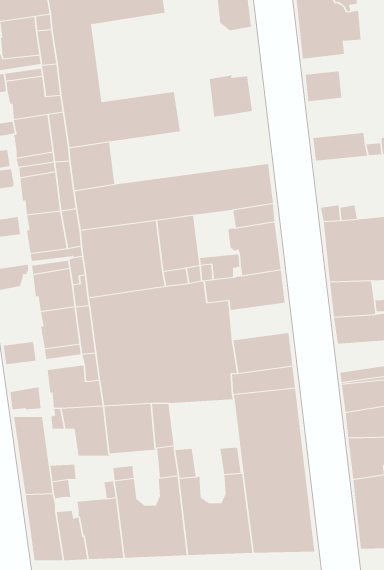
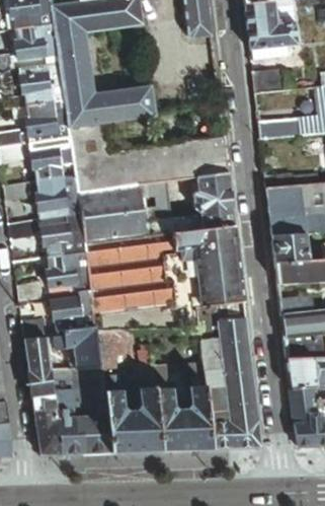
building: [209,74,253,118] -> none
building: none -> [194,250,241,280]

